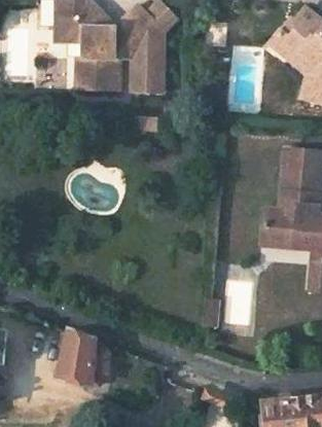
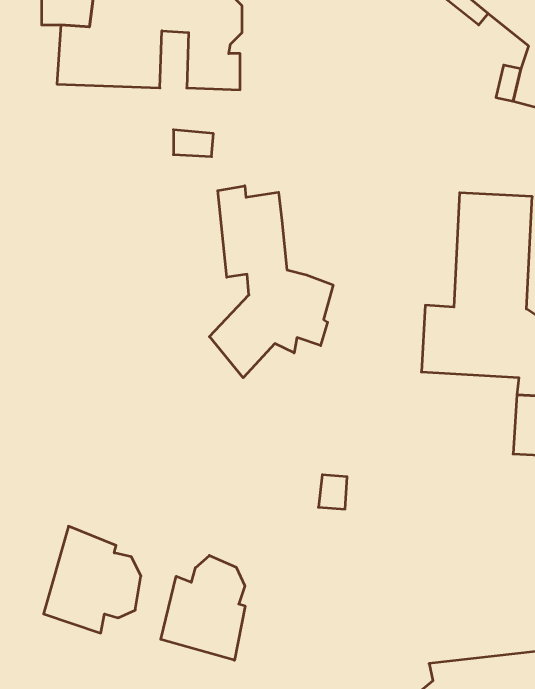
building: none -> [209,186,333,378]
building: none -> [161,555,245,660]

